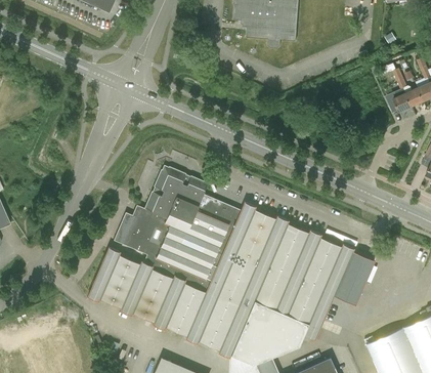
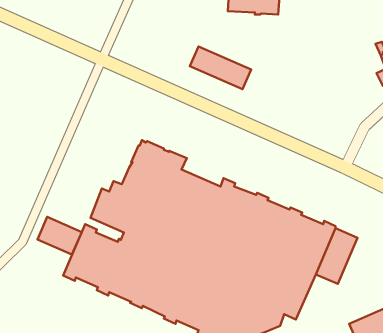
building: none -> [190,46,251,89]
building: none -> [37,217,82,255]

